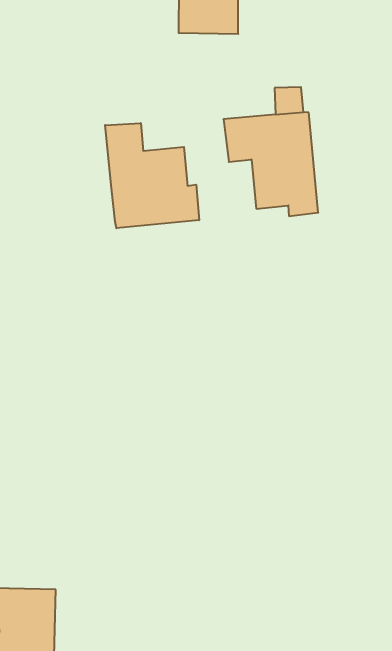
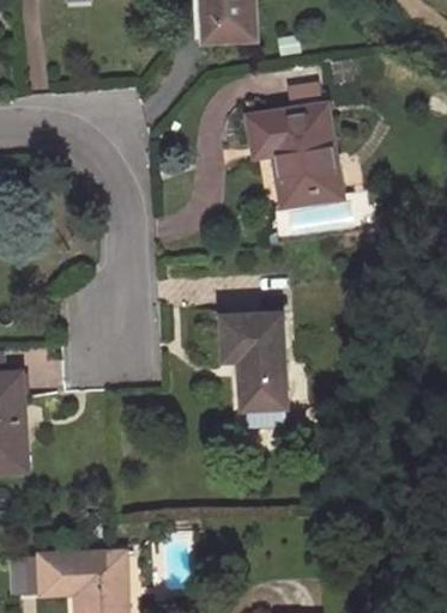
building: [105,123,199,228] -> none
building: none -> [219,314,285,408]

